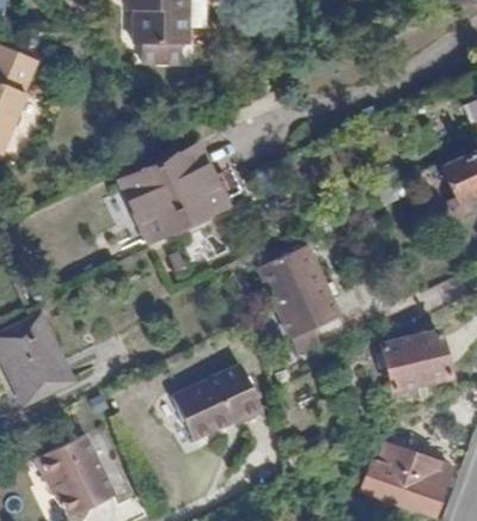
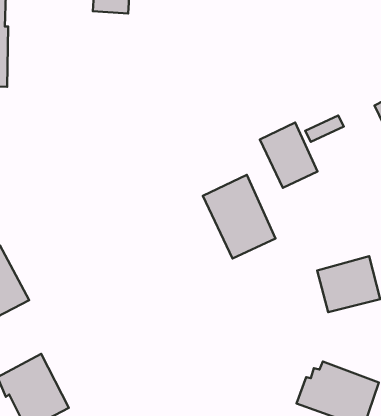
building: [112,145,232,239] -> none
building: none -> [260,122,318,188]
building: [175,366,256,437] -> none

